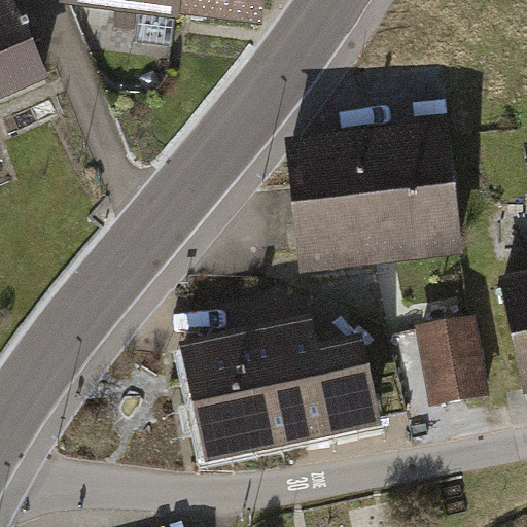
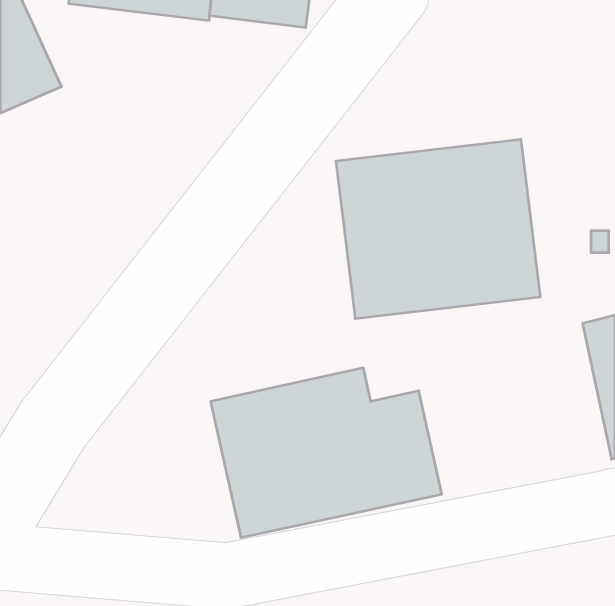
building: [416,315,488,405] -> none

